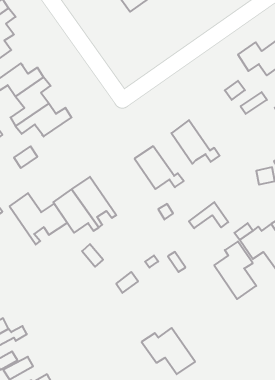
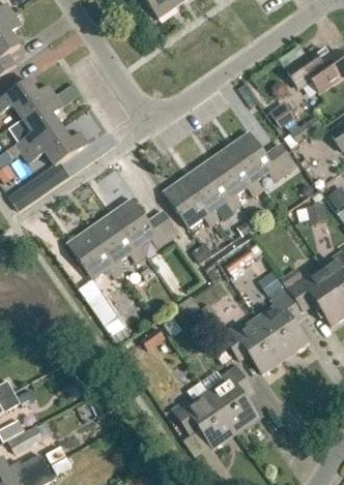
building: none -> [227,130,295,181]
building: none -> [184,160,241,211]
building: [10,193,67,245] -> [110,196,178,257]
building: none -> [221,316,284,371]
building: none -> [206,363,257,431]

